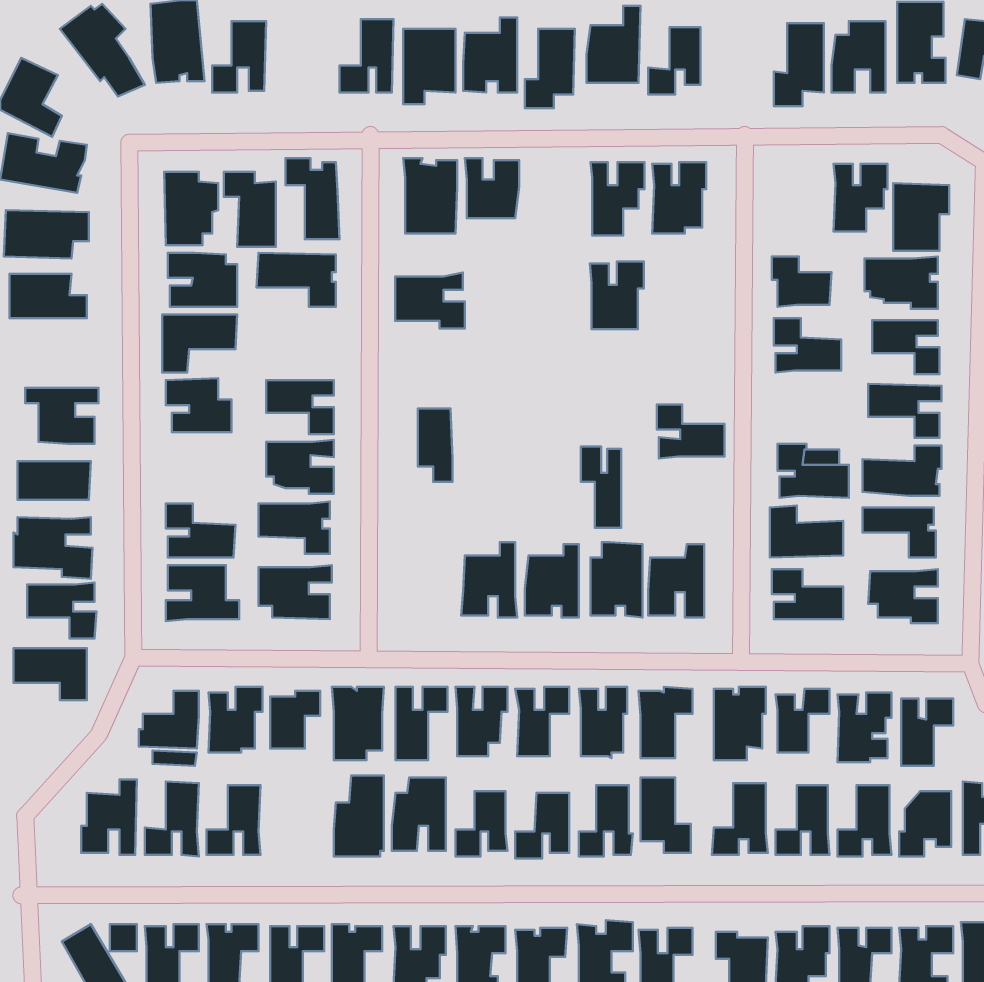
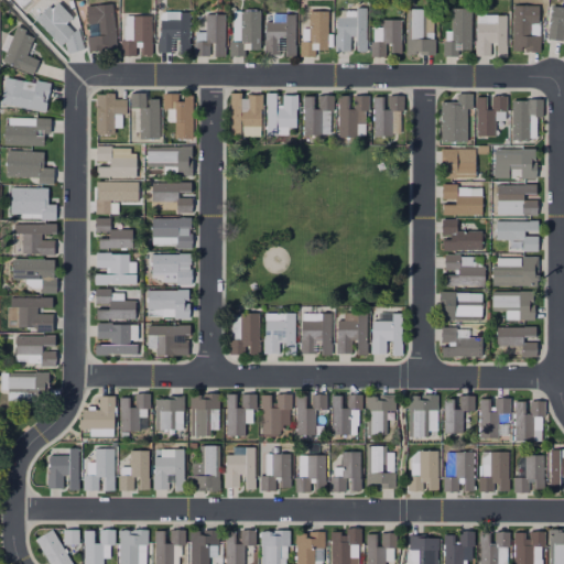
building: none -> [406,8,435,53]
building: none -> [159,11,191,52]
building: none -> [440,99,473,145]
building: [590,262,644,329] -> [303,95,334,133]
building: [395,273,465,329] -> [152,183,192,215]
building: none -> [9,195,55,220]
building: [657,404,724,459] -> [443,220,481,251]
building: [418,408,452,482] -> [241,312,261,354]
building: none -> [96,254,137,285]
building: [581,447,621,528] -> none
building: none -> [153,449,185,490]

